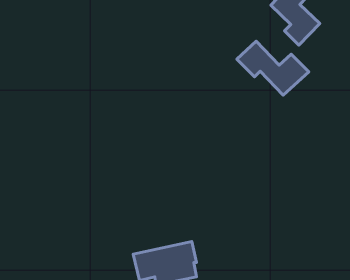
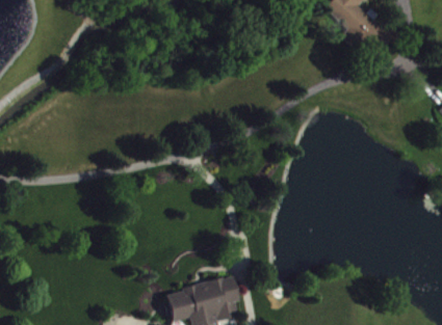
building: [237,41,309,95] -> none

